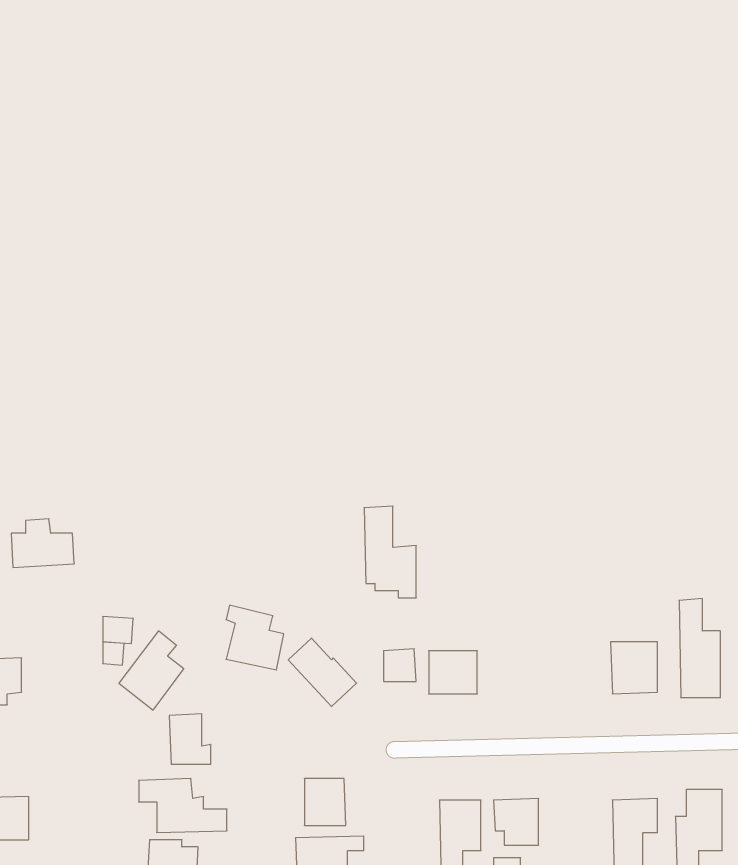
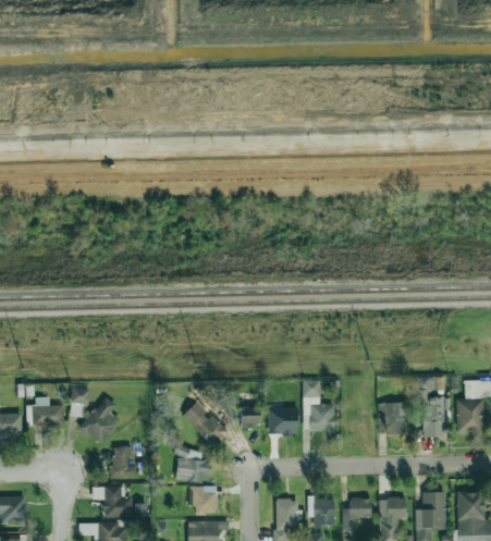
building: [364,506,416,598] -> [303,380,334,435]
building: [11,519,74,567] -> [26,396,64,426]
building: [226,605,284,670] -> [174,445,209,484]
building: none -> [342,497,371,530]

